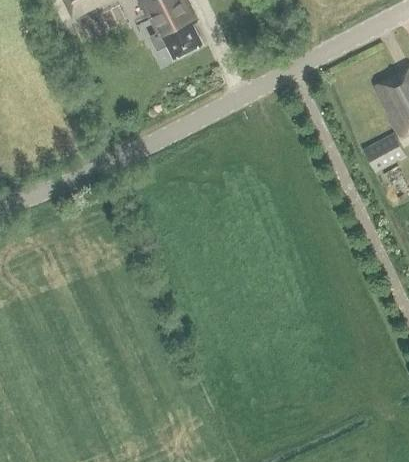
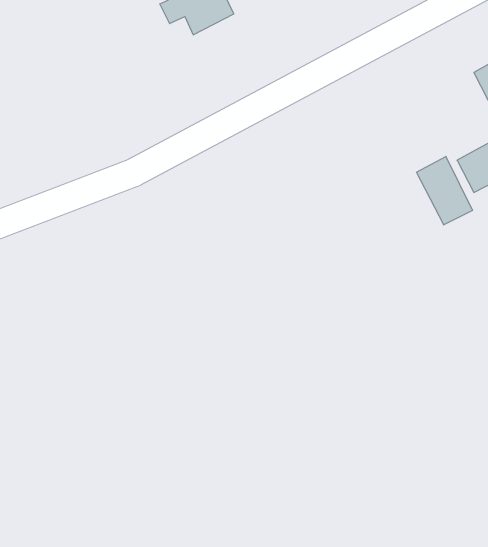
building: none -> [417,156,472,225]

